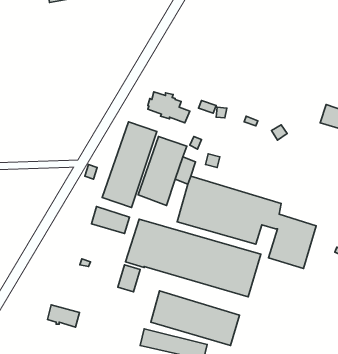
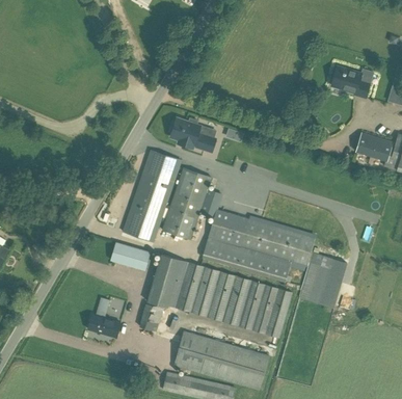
building: none -> [330,65,369,97]
building: [47,305,80,327] -> [87,313,122,337]

